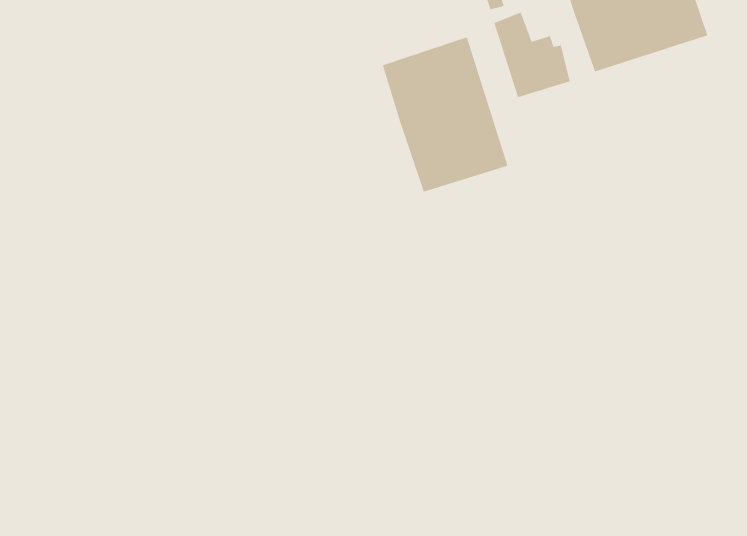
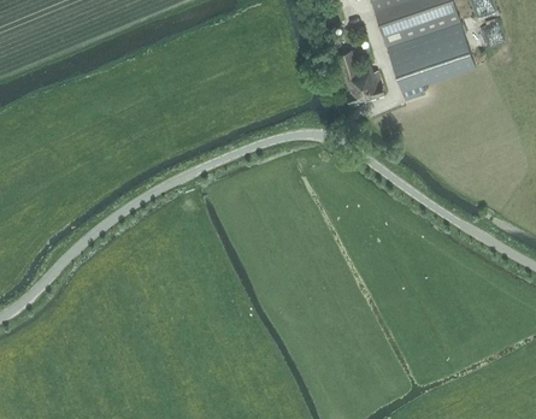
building: [382,36,508,192] -> none

